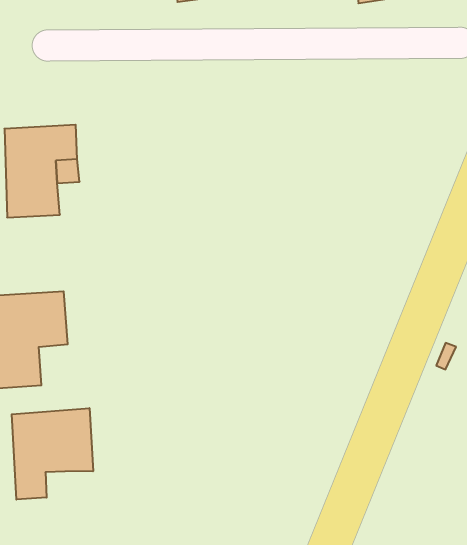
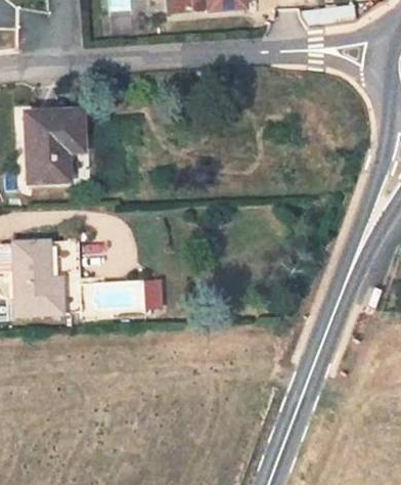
building: [12,408,93,500] -> none

